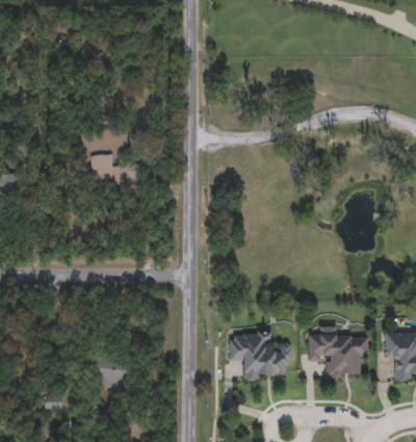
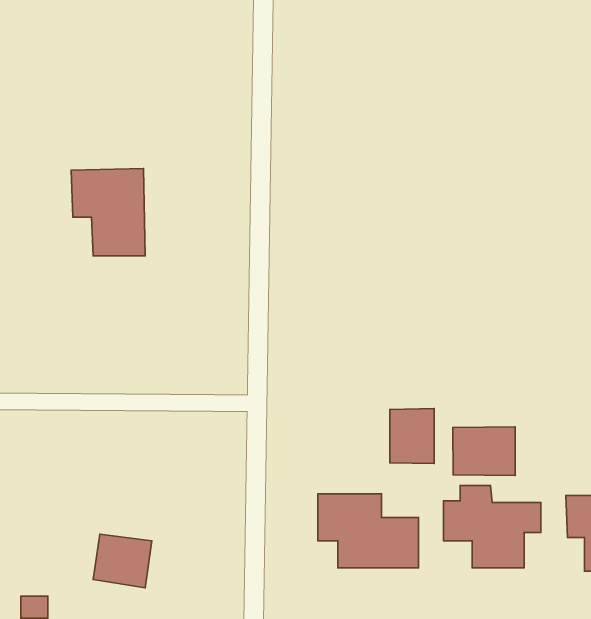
building: none -> [390,409,434,464]
building: none -> [453,427,515,476]

